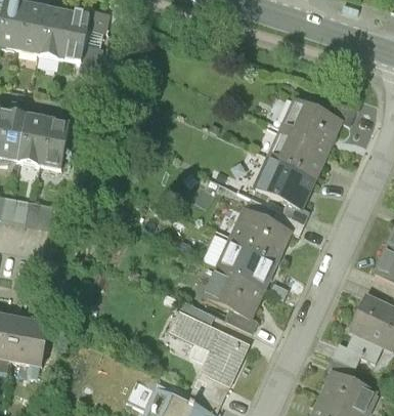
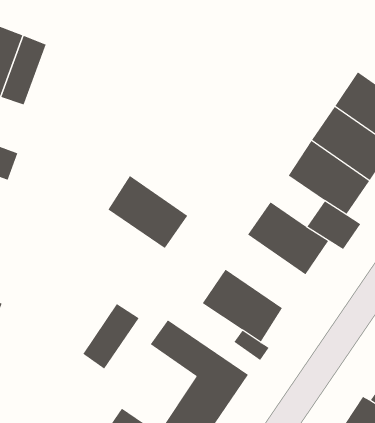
building: [39,115,70,169] -> none
building: [217,235,280,287] -> [107,175,188,249]
building: none -> [82,303,139,369]

